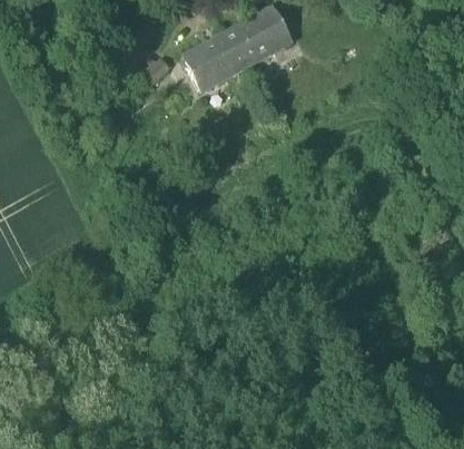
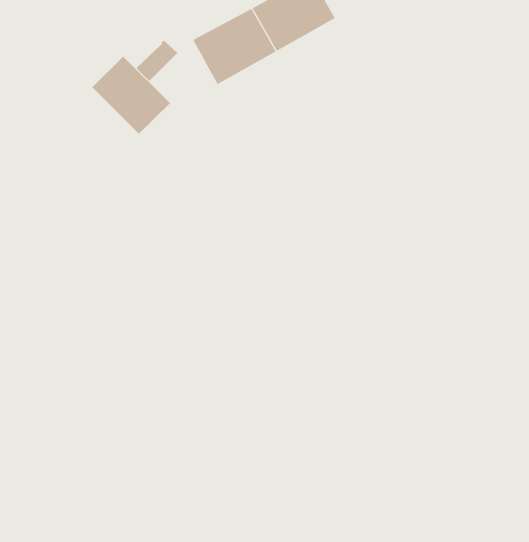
building: none -> [91,56,171,135]

